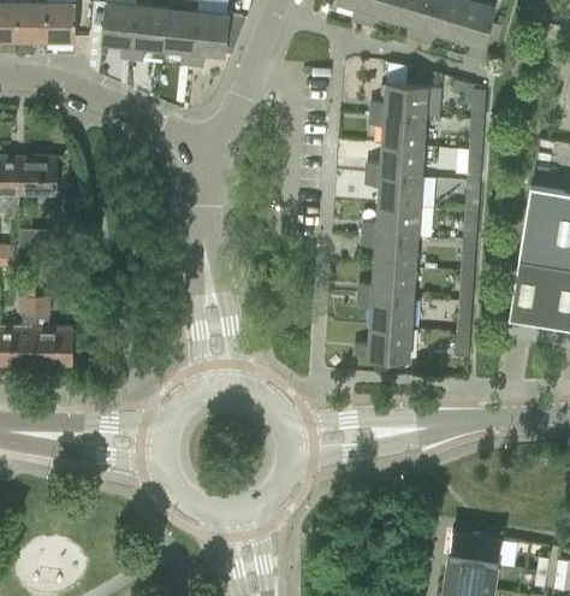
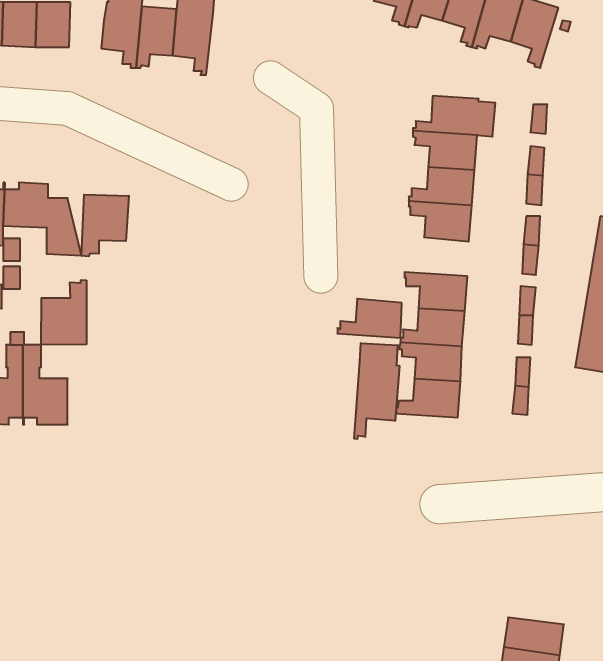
building: [191,12,247,66] -> none
building: none -> [82,195,129,256]
building: [362,205,417,238] -> [337,299,402,338]
building: none -> [41,280,86,345]
building: none -> [354,343,399,439]

